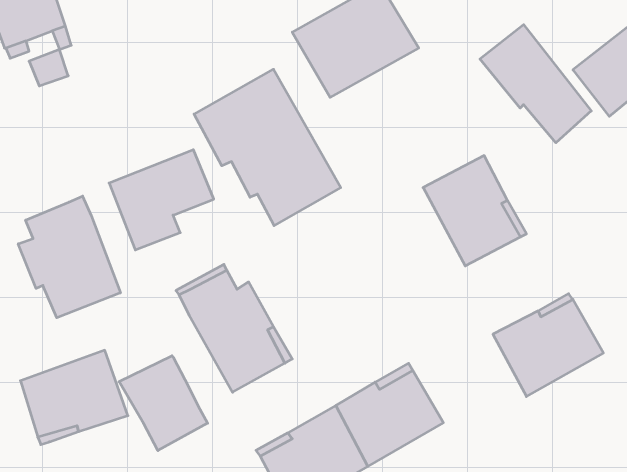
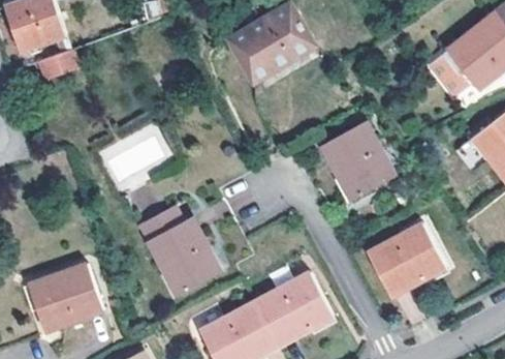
building: [480,25,591,143] -> none
building: [194,69,341,226] -> none
building: [18,196,120,318] -> none
building: [119,356,208,451] -> none

